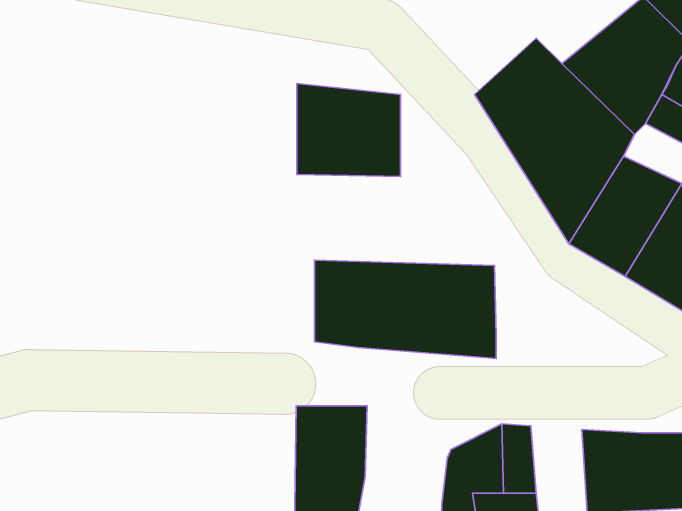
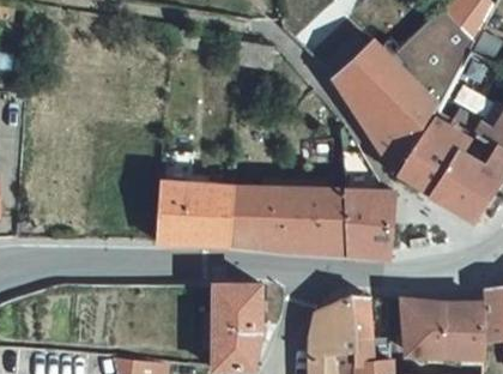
building: [297,84,401,176] -> [158,180,226,241]
building: none -> [345,191,393,255]

